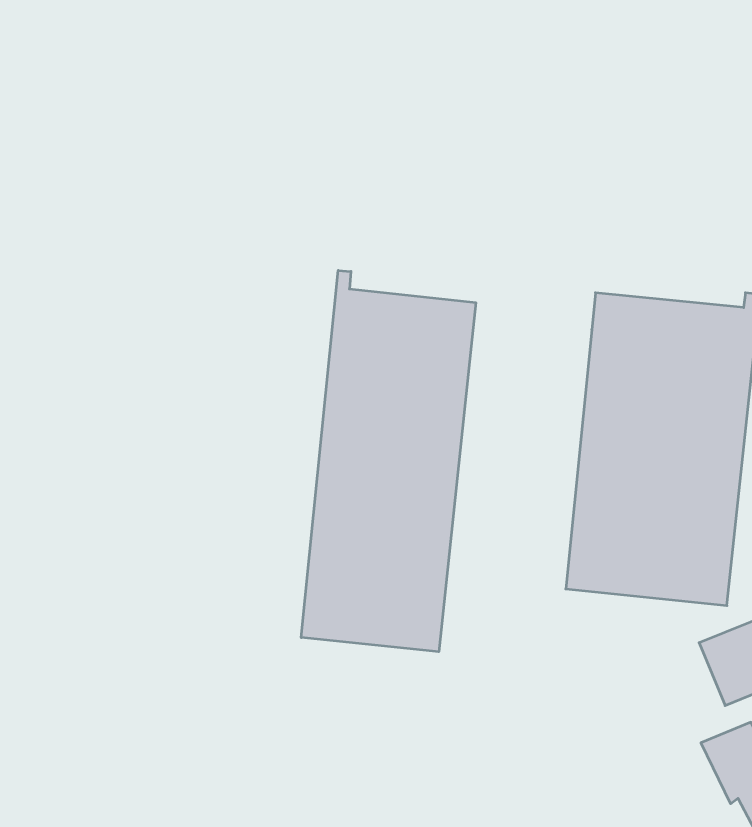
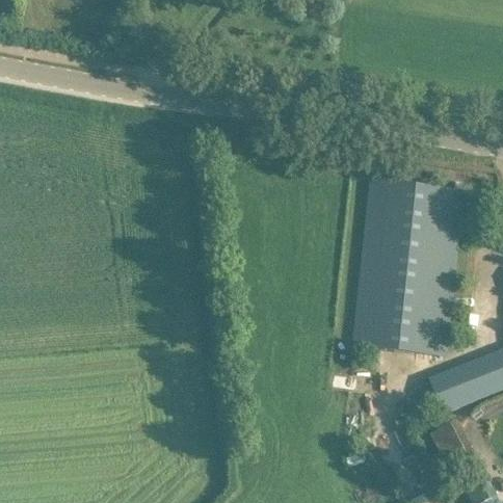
building: [301,270,476,652] -> none

